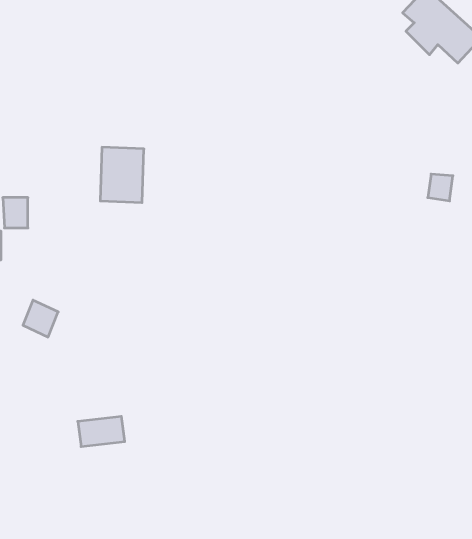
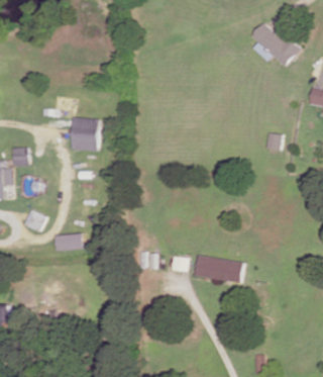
building: none -> [196,255,244,283]
building: [78,416,125,447] -> [55,232,83,251]

